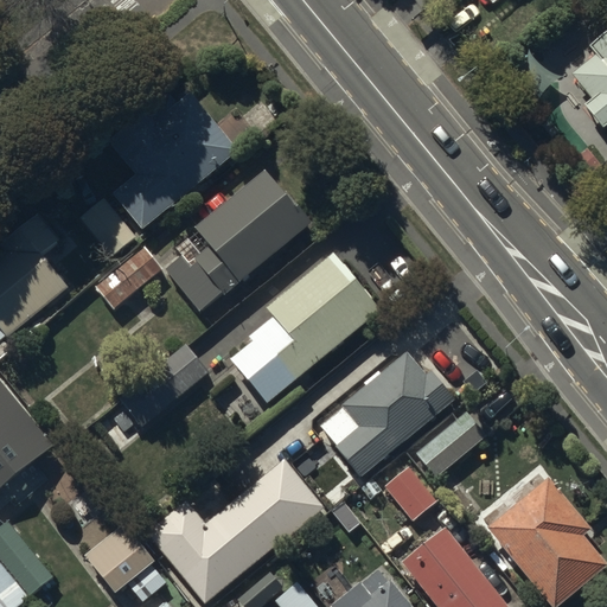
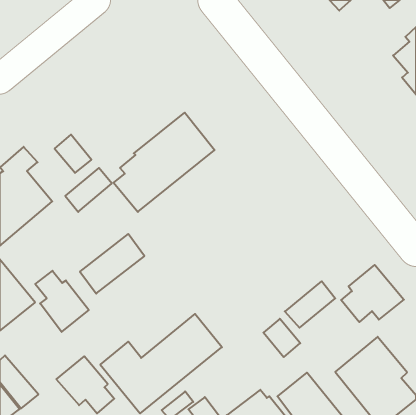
building: [108,90,237,226] -> none
building: [230,253,381,403] -> none
building: [319,350,453,477] -> none
building: none -> [341,265,404,322]
building: none -> [35,271,89,332]

